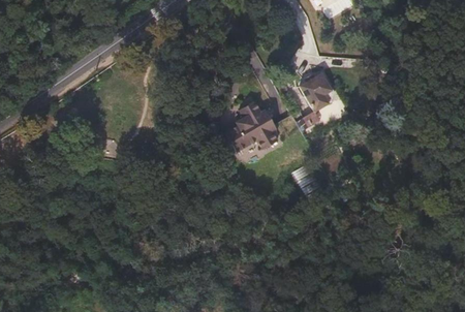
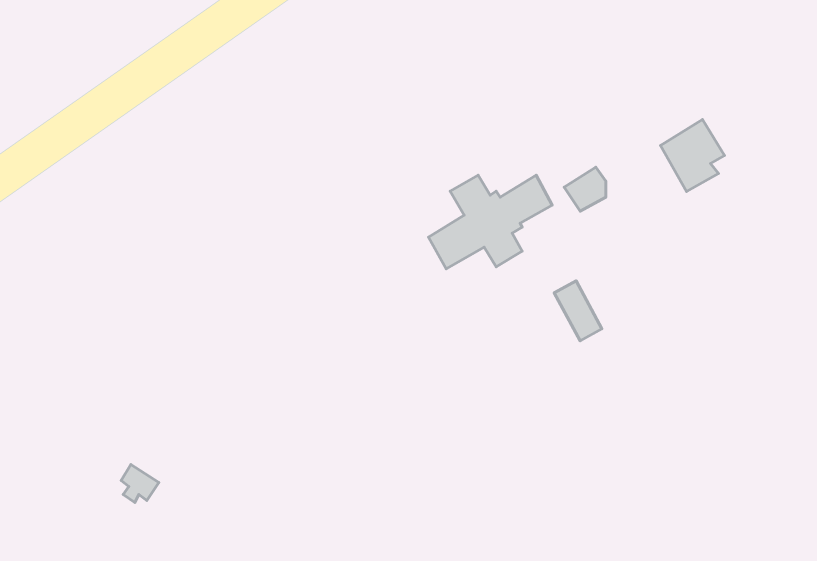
building: [301,69,334,106] -> [661,120,724,191]

